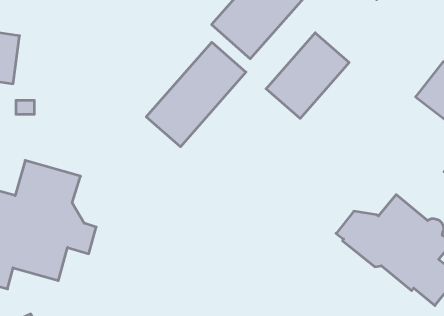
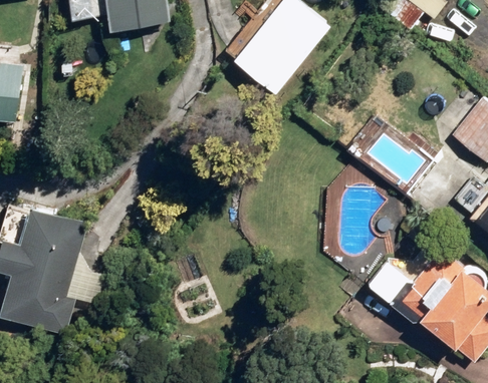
building: [266,33,349,118] -> none
building: [146,42,246,147] -> none

